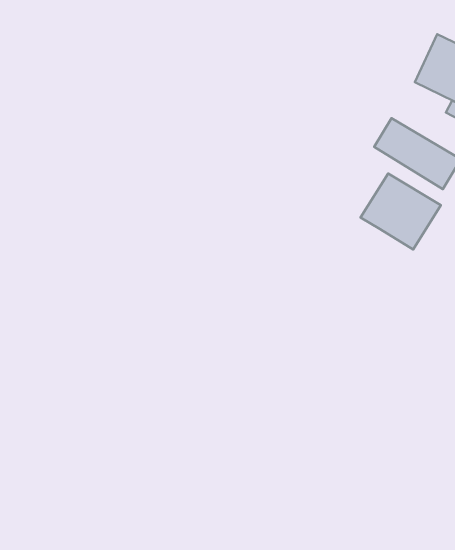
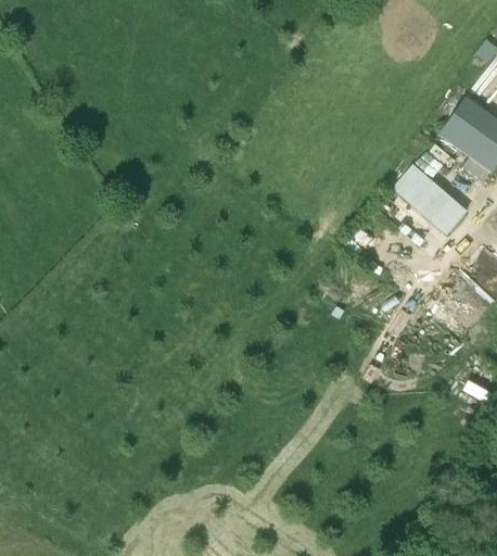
building: [361,173,441,249] -> none

